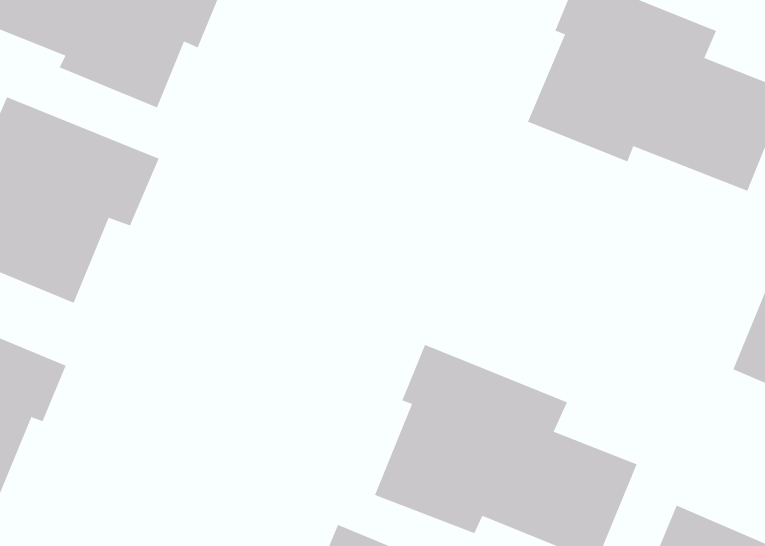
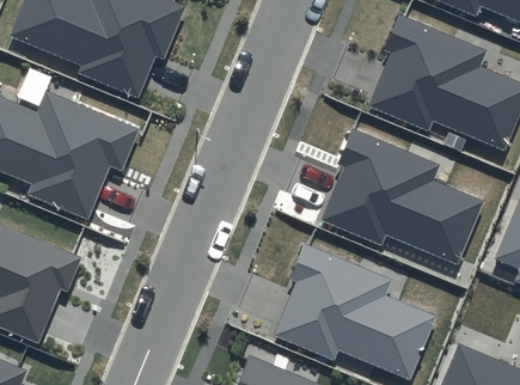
building: none -> [322,128,483,263]

